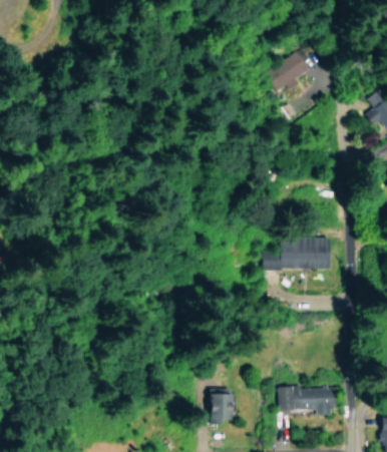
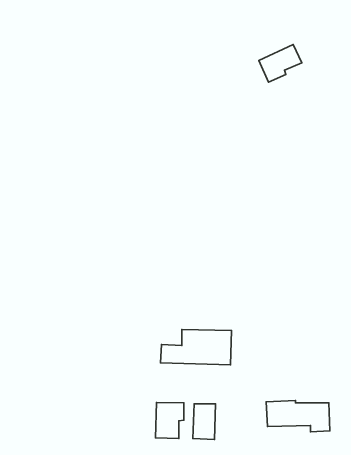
building: [265,237,331,270] -> [160,329,232,365]
building: none -> [155,402,184,438]

